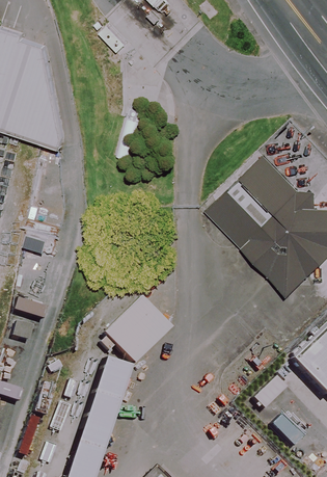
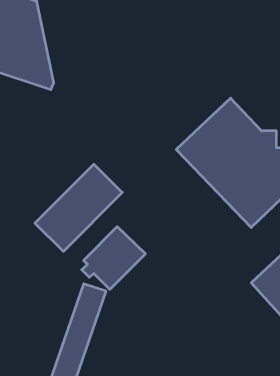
building: none -> [35,164,122,251]

